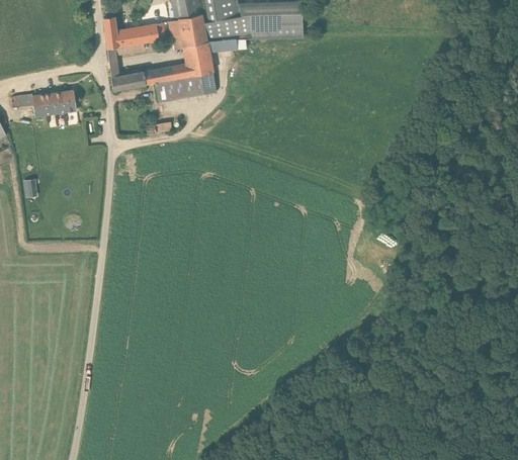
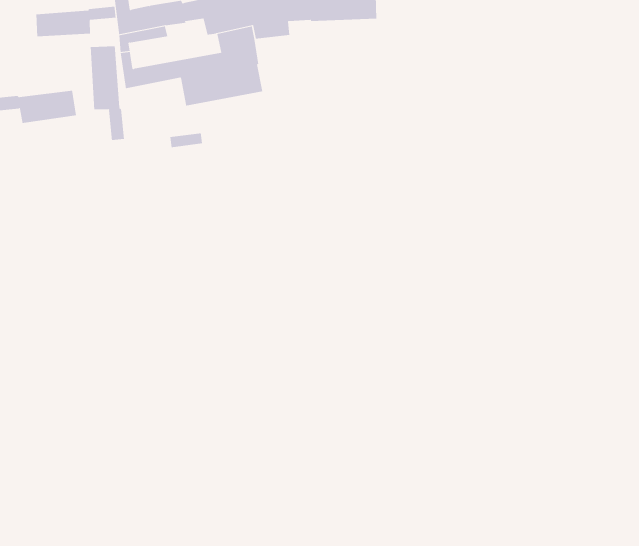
building: none -> [36,6,116,37]
building: none -> [90,46,125,141]

